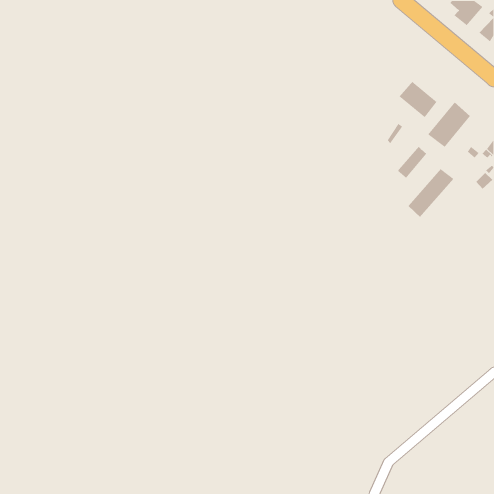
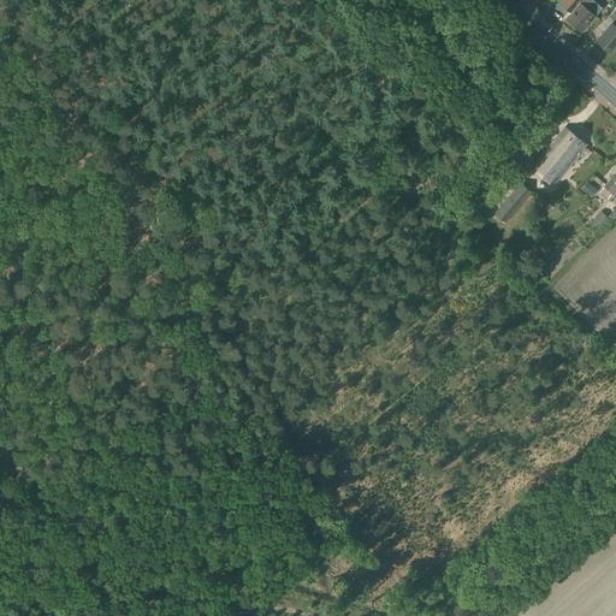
building: [399,81,437,118] -> none
building: [408,168,454,218] -> none

